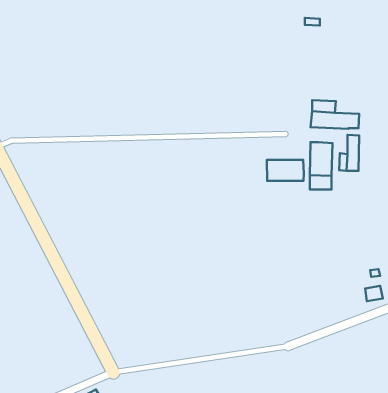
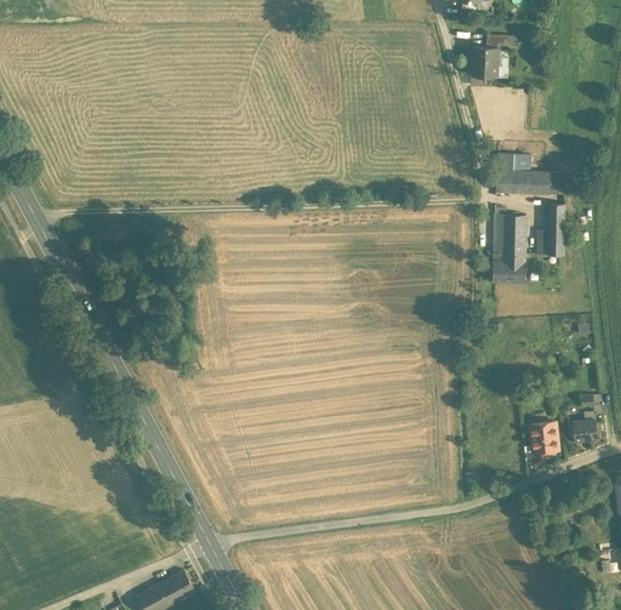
building: none -> [472,46,498,76]
building: [267,160,304,181] -> none
building: none -> [530,421,558,451]

